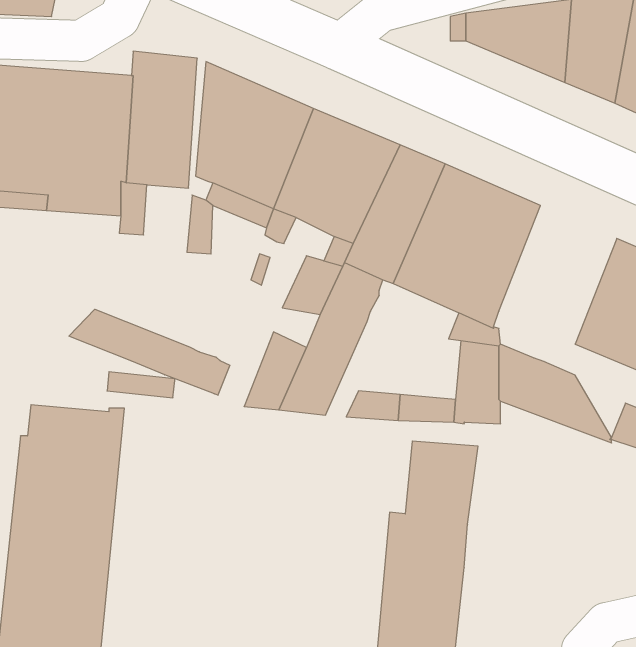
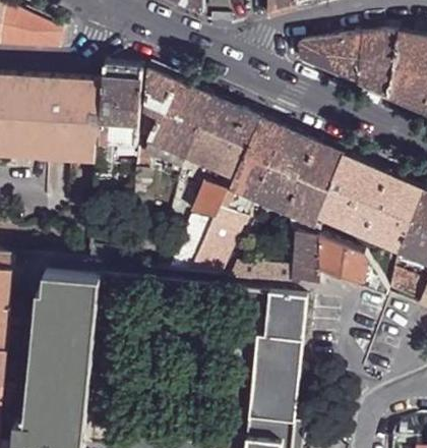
building: none -> [318,155,387,236]
building: [69,309,230,395] -> none

